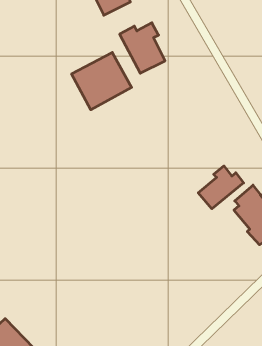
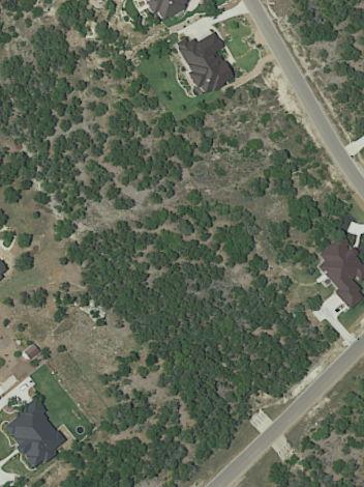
building: [72,52,132,110] -> none
building: [198,166,244,209] -> none

